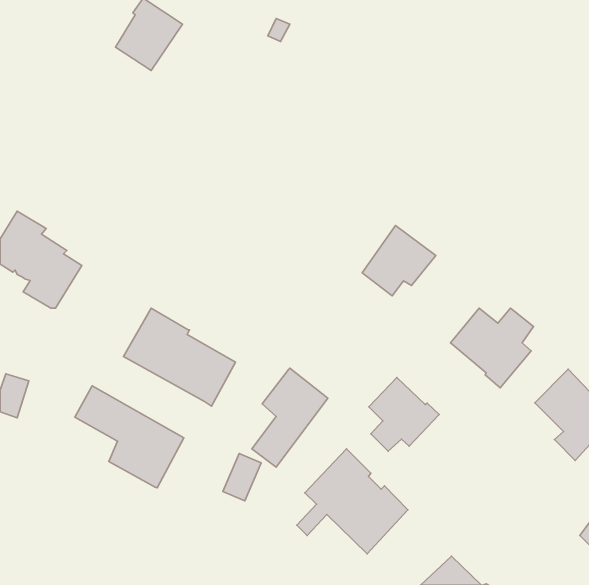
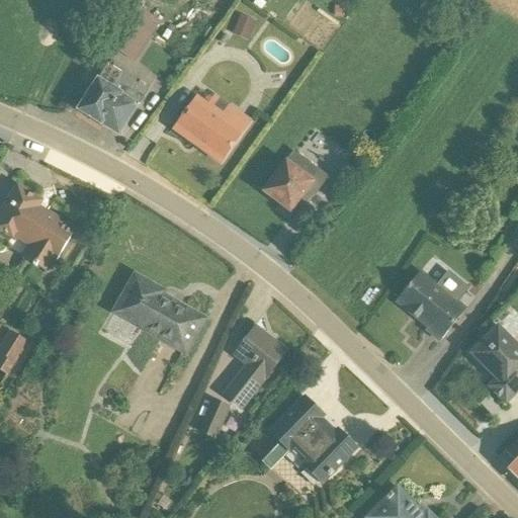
building: none -> [78,63,149,135]
building: none -> [170,92,252,164]
building: [362,225,436,296] -> [263,150,328,211]
building: [369,378,439,451] -> none
building: [75,386,184,488] -> none

